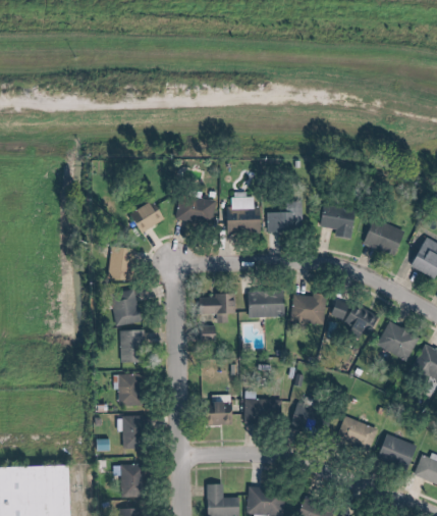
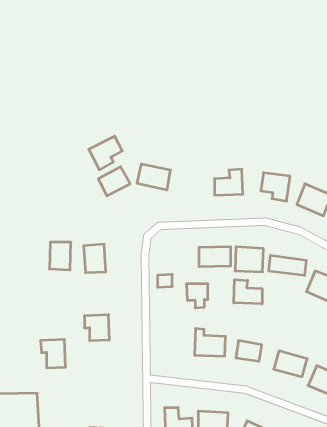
building: none -> [89,136,122,170]
building: [227,197,262,235] -> none
building: [109,247,134,279] -> [49,242,71,270]
building: [207,295,232,323] -> [186,284,208,308]
building: [120,330,145,363] -> none
building: none -> [234,280,262,304]
building: [212,395,233,424] -> none
building: [116,416,146,450] -> [41,340,66,368]
building: [113,465,146,498] -> none

